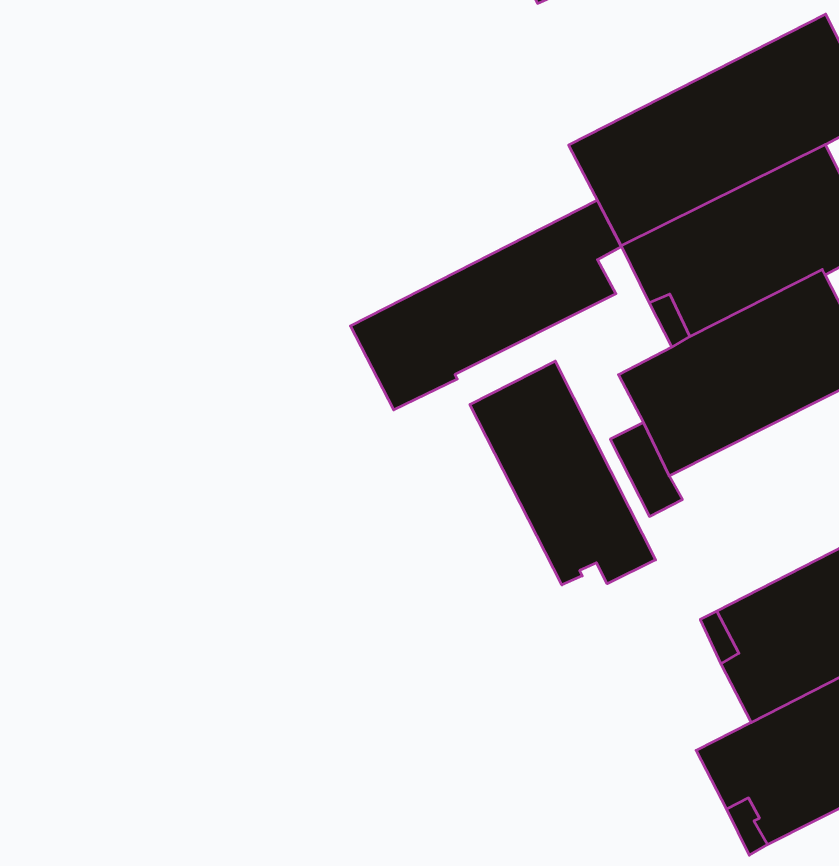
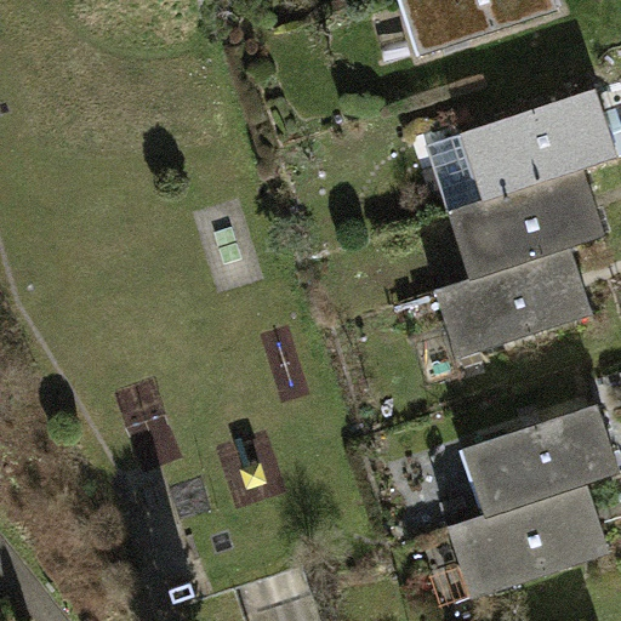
building: [350,200,621,410] -> none
building: [470,361,656,585] -> none

